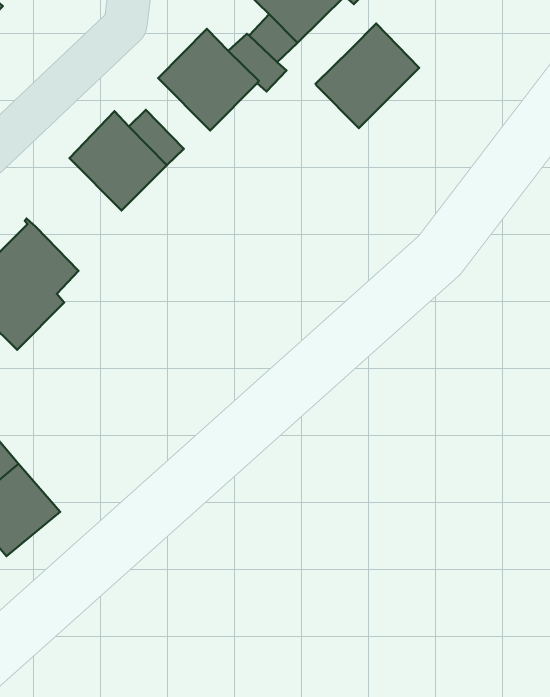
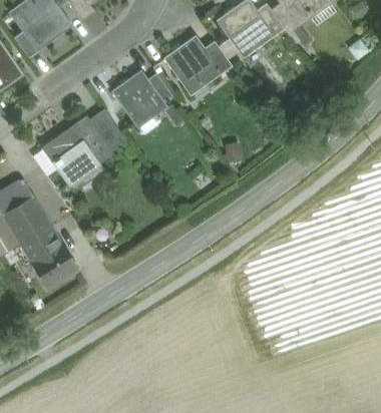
building: [316,24,419,128] -> none
building: none -> [89,108,123,148]

